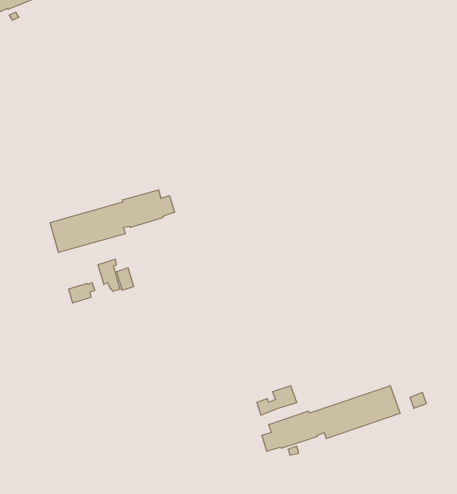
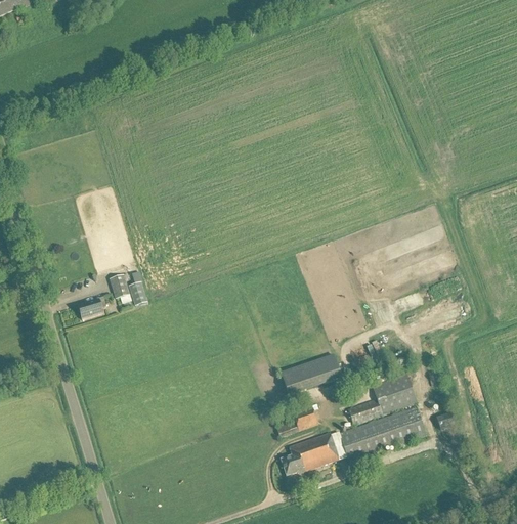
building: [50,190,175,253] -> none
building: none -> [282,353,342,395]
building: none -> [349,374,418,424]

